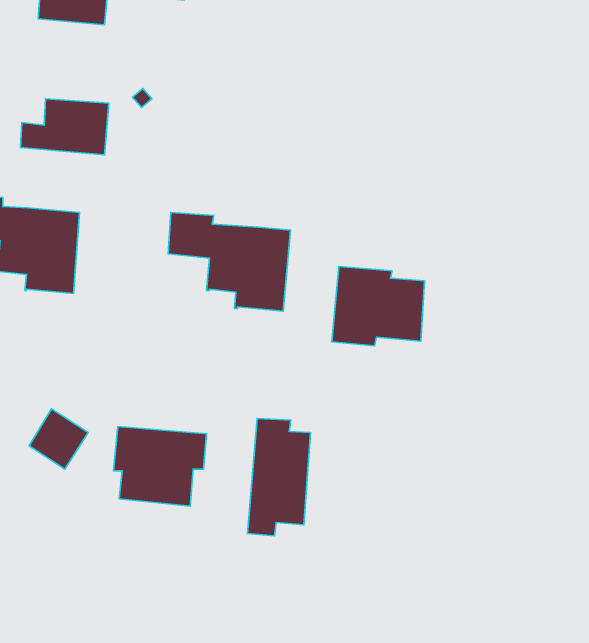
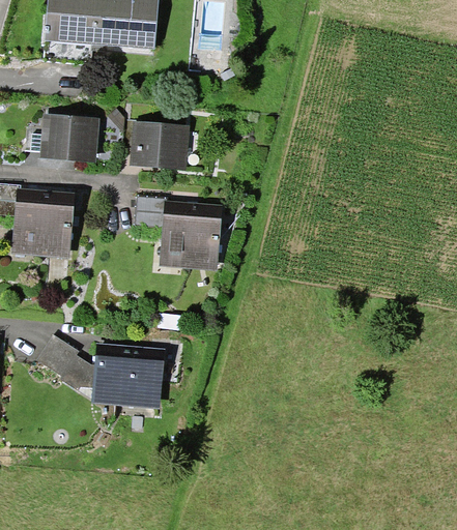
building: none -> [124,121,185,167]
building: [332,267,424,346] -> none
building: [248,418,311,536] -> none

